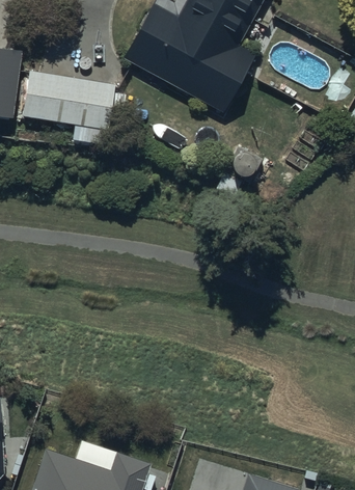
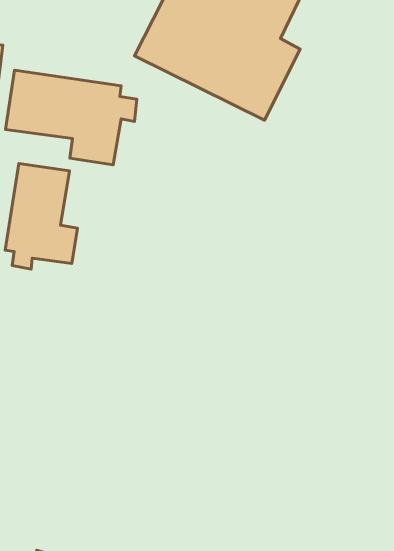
building: none -> [5,163,77,269]

